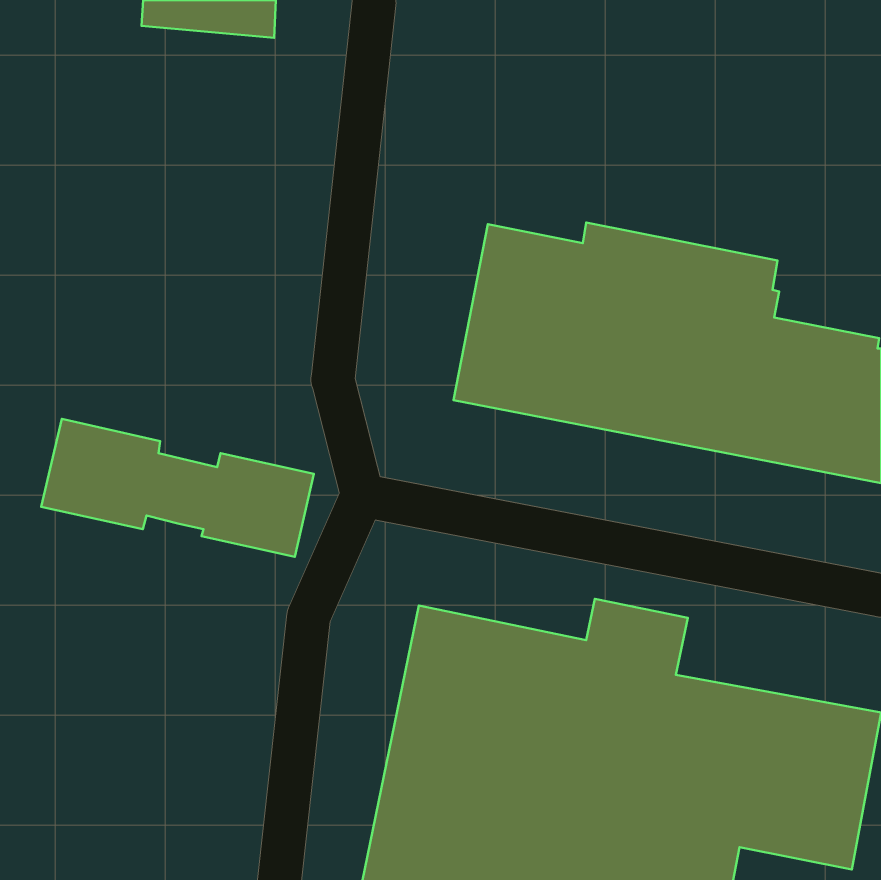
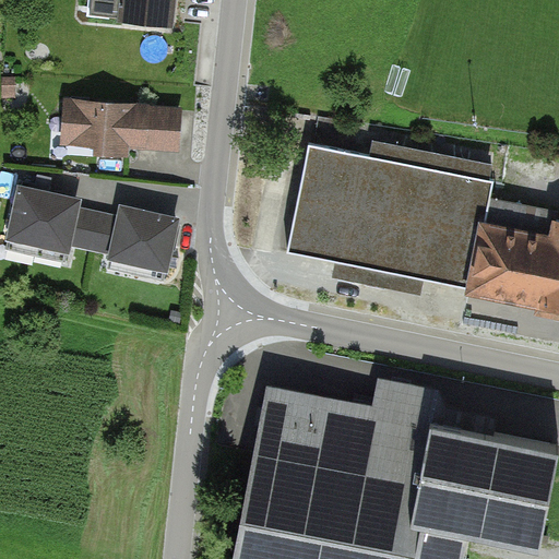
building: none -> [73,99,195,155]
building: [41,419,314,557] -> [7,187,179,274]

